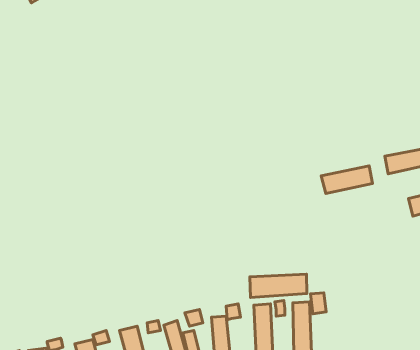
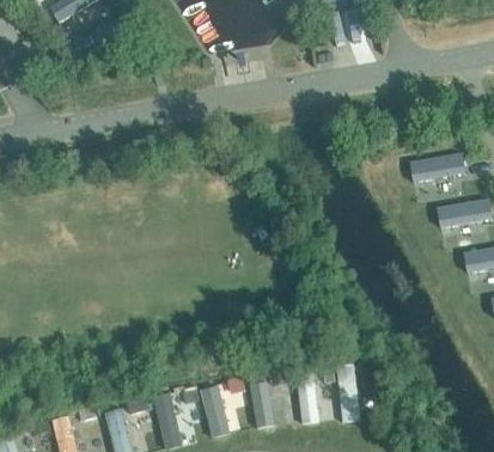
building: [321,166,372,194] -> [410,151,465,181]
building: [250,274,307,297] -> none

